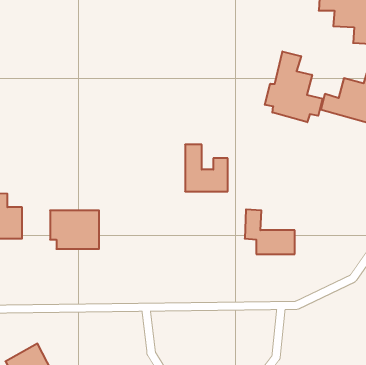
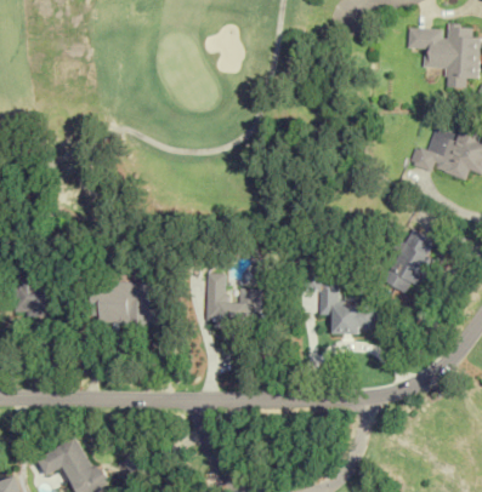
building: [265,51,322,122] -> none
building: [185,145,228,191] -> [206,274,256,328]
building: none -> [379,230,440,290]

